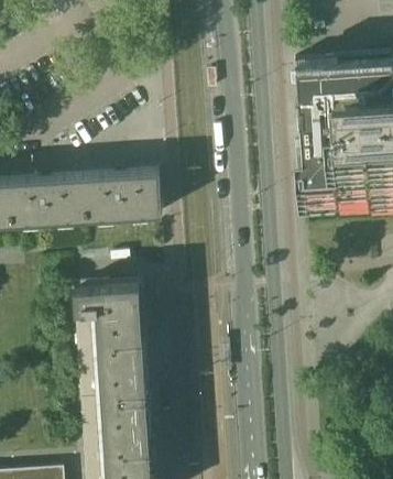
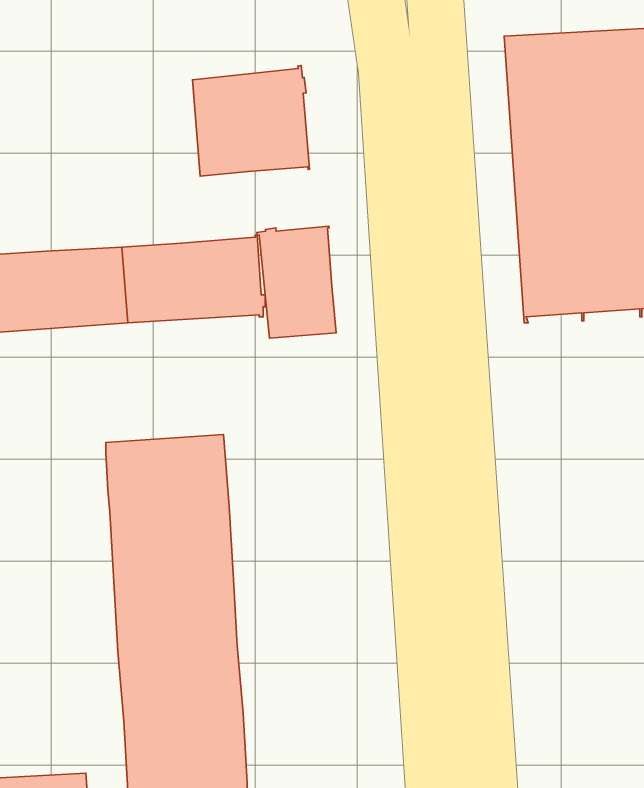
building: none -> [192,65,310,176]
building: none -> [257,226,336,338]

